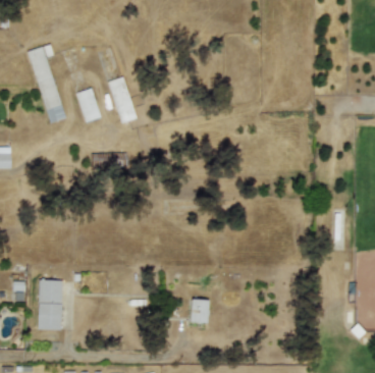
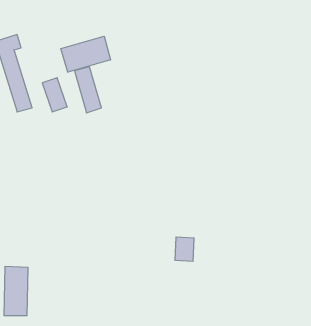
building: none -> [61,36,111,72]
building: [190,299,209,323] -> [175,237,194,261]

